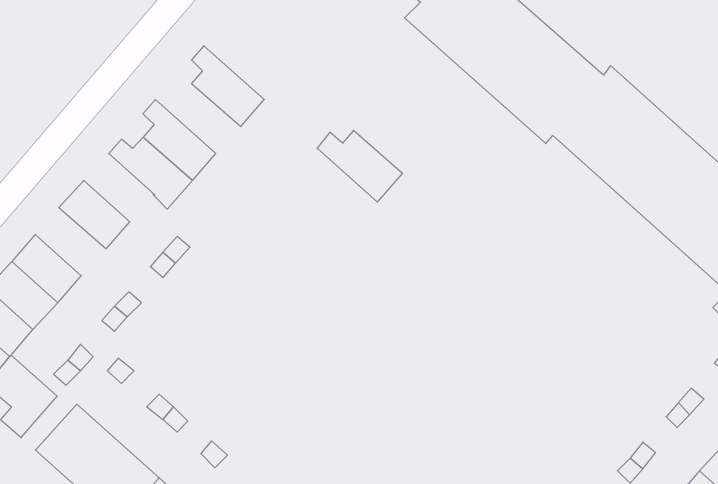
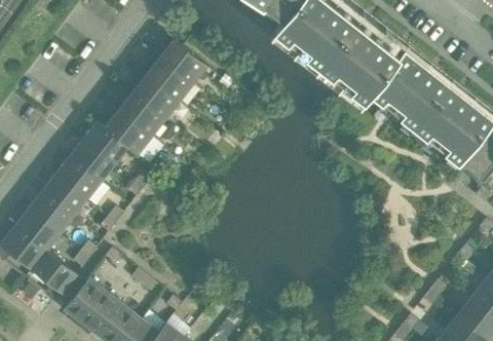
building: none -> [124,76,178,118]
building: [317,130,403,202] -> [152,40,205,83]
building: none -> [83,122,127,163]
building: none -> [55,157,100,198]

